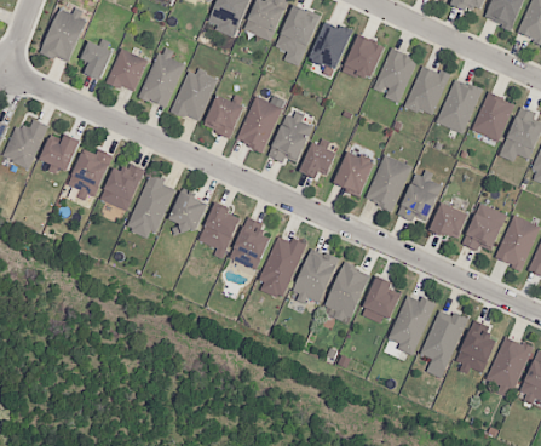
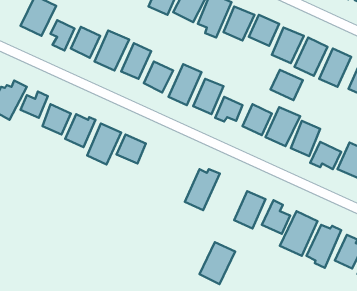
building: none -> [271,70,303,100]
building: [200,207,237,252] -> none
building: [229,227,269,270] -> none
building: [292,246,339,302] -> [199,242,235,284]

